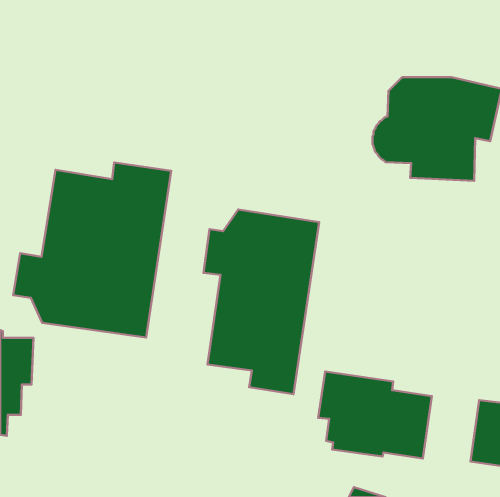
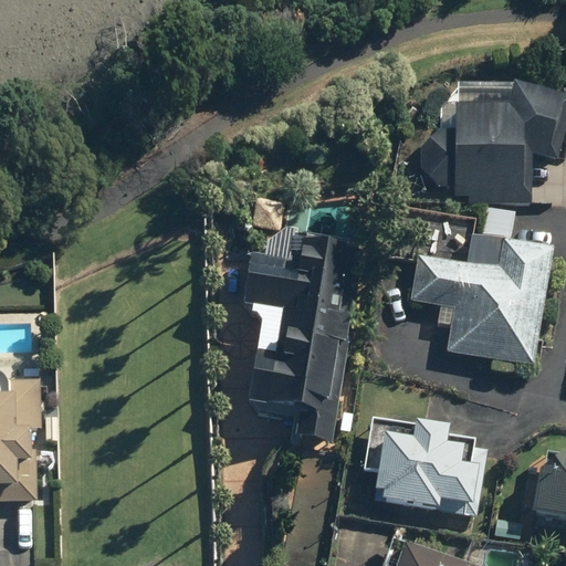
building: [13,163,171,338] -> none
building: none -> [410,235,555,366]

